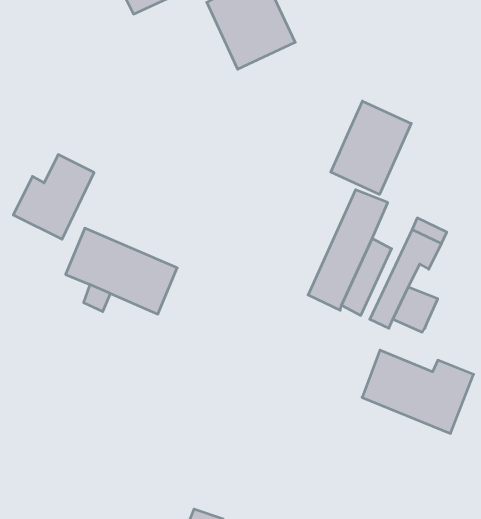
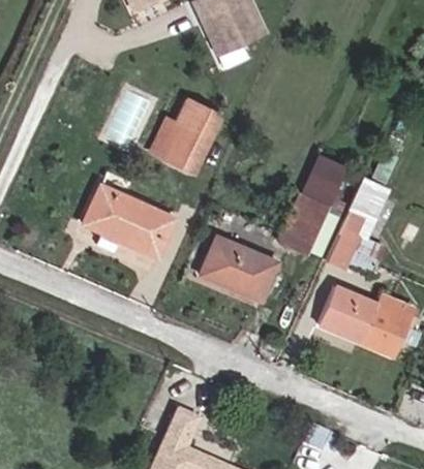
building: [331,101,411,194] -> none
building: [13,155,94,239] -> [151,101,216,169]
building: none -> [198,236,275,298]

